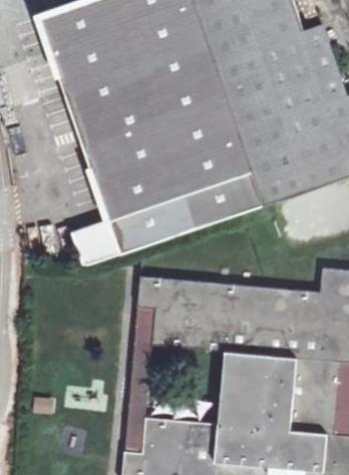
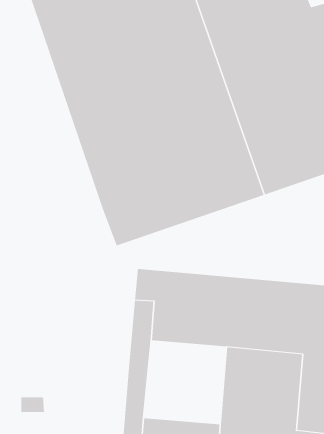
building: [71,219,120,266] -> none

